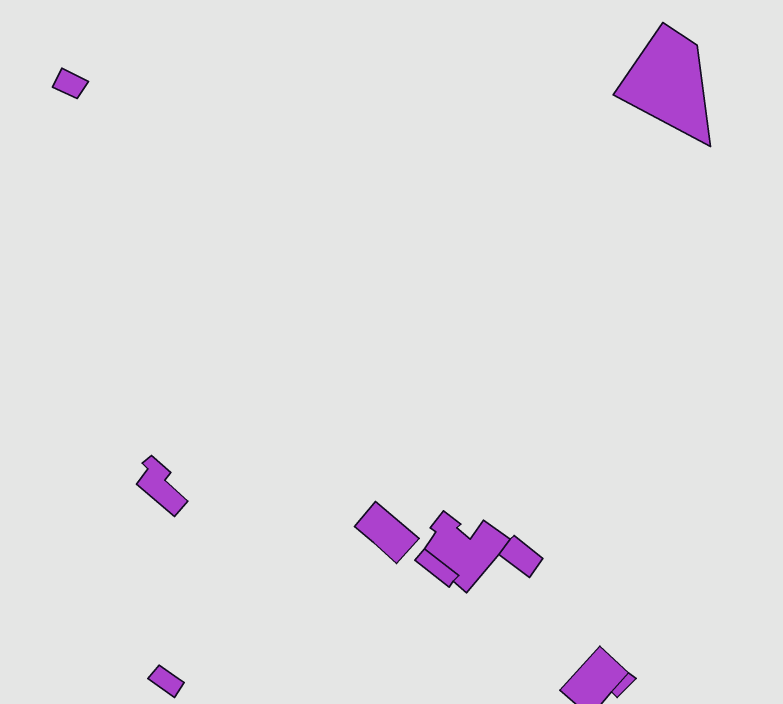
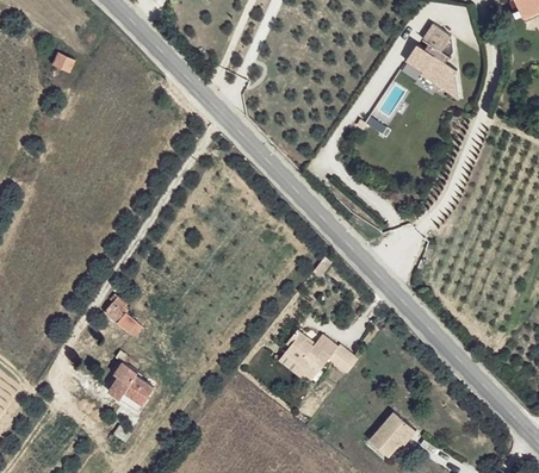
building: [355,501,419,564] -> none
building: none -> [109,354,155,410]

